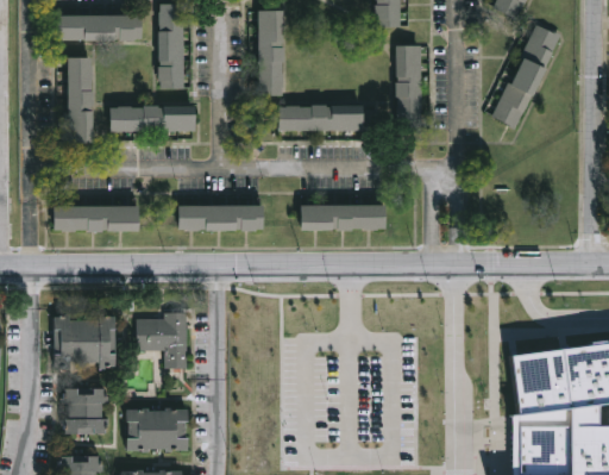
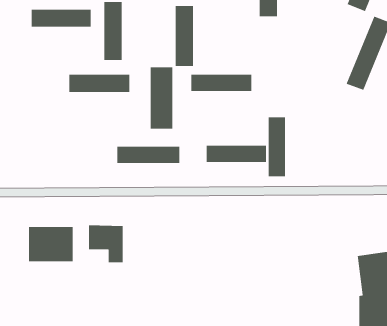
building: [395,45,420,130] -> [268,116,286,177]
building: [68,56,93,142] -> none
building: none -> [150,66,173,129]
building: [54,206,139,231] -> none
building: [64,388,106,435] -> none
building: [127,410,188,450] -> none

